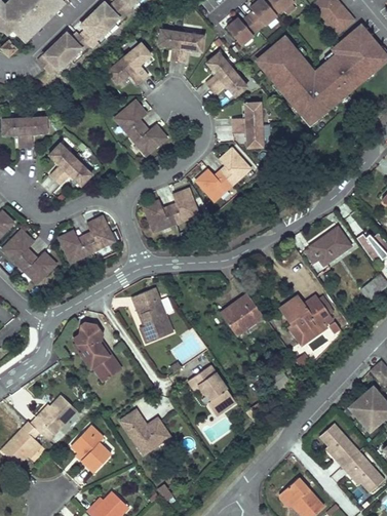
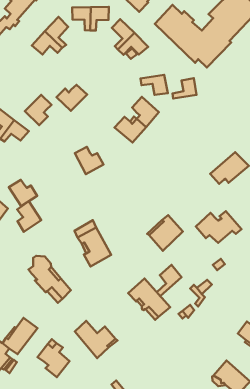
building: [115,101,148,136] -> [25,95,52,125]
building: [234,104,263,125] -> [173,78,197,98]
building: [171,189,199,224] -> none
building: [87,216,116,252] -> [17,201,41,232]
building: none -> [157,265,181,296]

